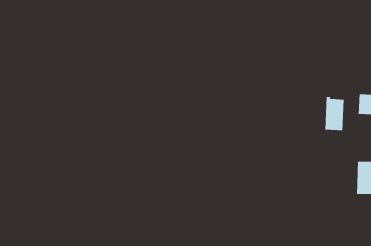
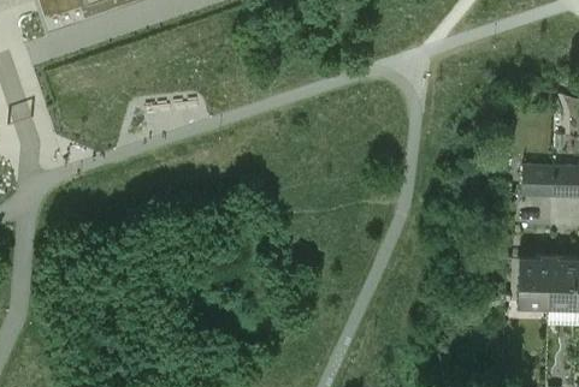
building: [325,96,344,131] -> none

